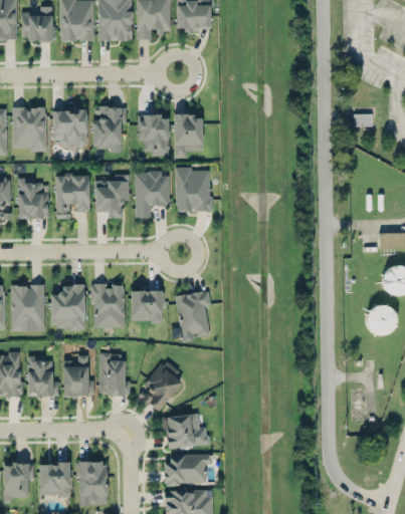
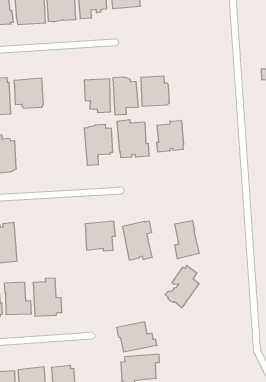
building: [92,105,127,148] -> none
building: none -> [141,76,169,106]
building: none -> [157,120,183,152]
building: [55,175,89,219] -> none
building: [93,175,129,220] -> none
building: [50,284,83,330] -> none
building: [90,284,125,327] -> none
building: none -> [175,220,199,259]
building: [99,353,130,397] -> none
building: [138,361,180,413] -> [165,265,199,308]

